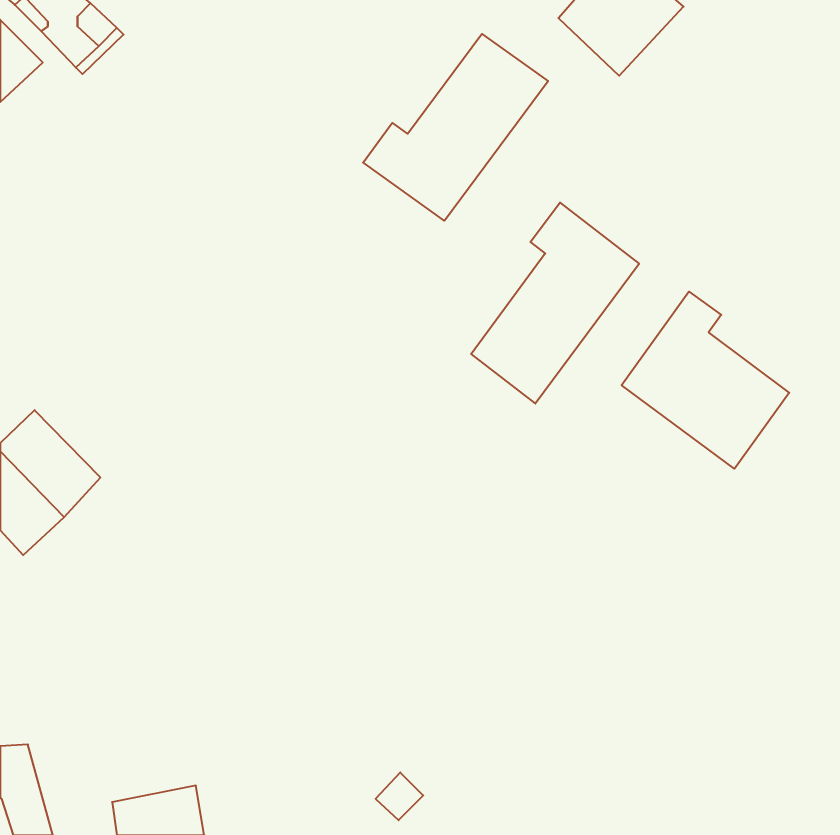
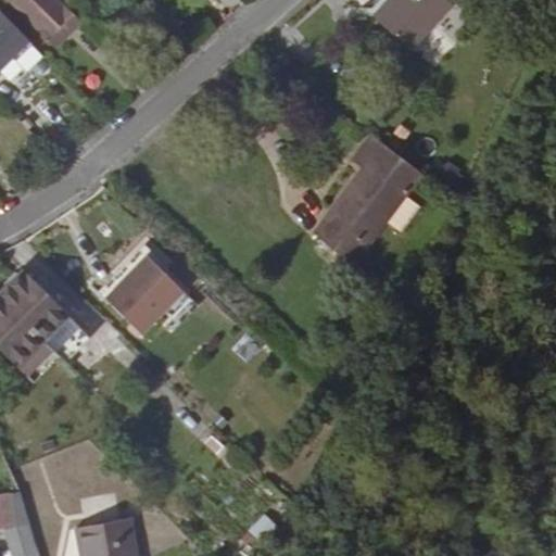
building: [363,34,548,221] -> none
building: [622,292,789,469] -> none
building: none -> [105,255,184,333]

